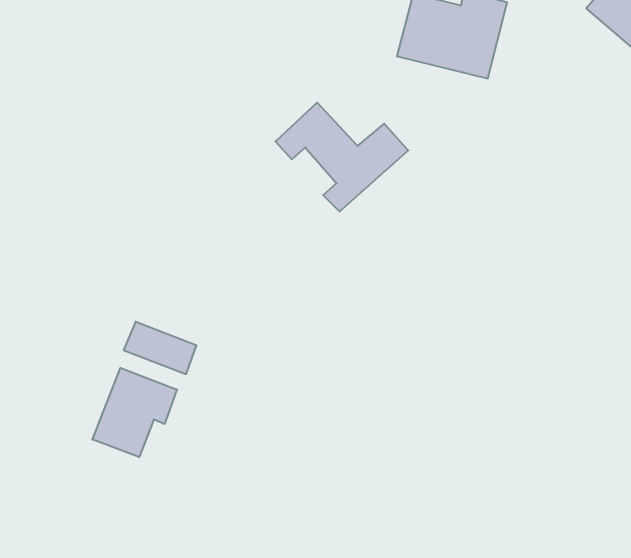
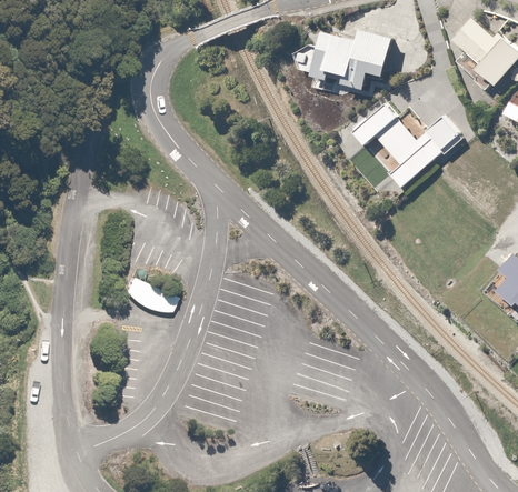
building: [275,103,408,212] -> [352,104,451,185]
building: [92,368,177,457] -> none

